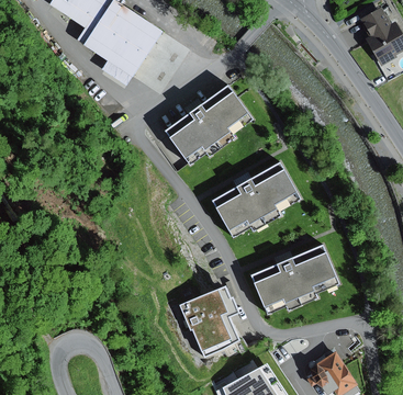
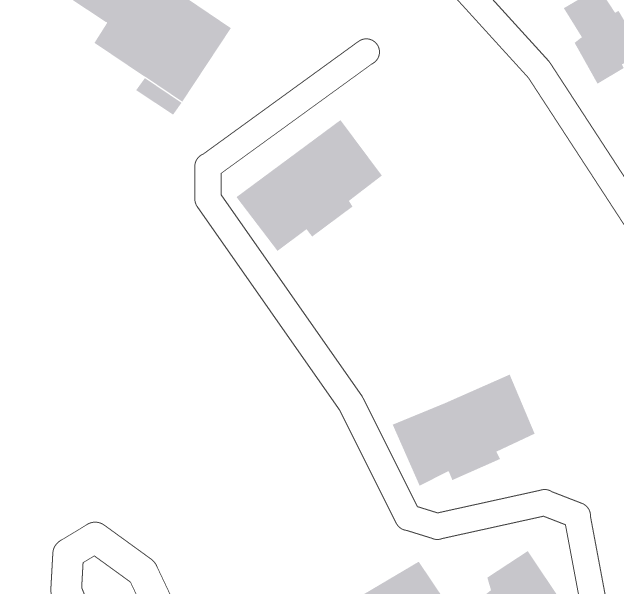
building: [211,165,299,238] -> none
building: [186,280,248,349] -> none

